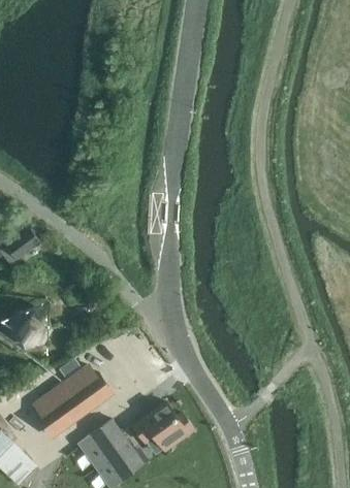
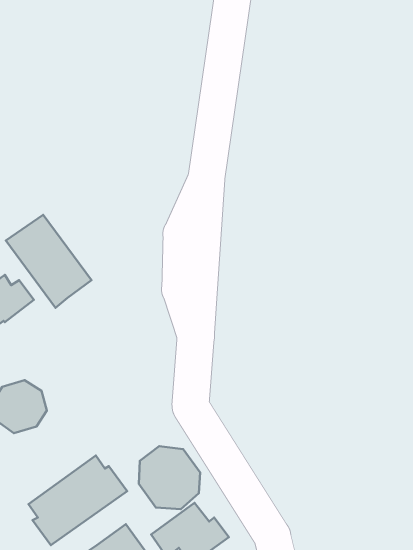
building: none -> [6,215,91,308]
building: none -> [139,446,200,509]

